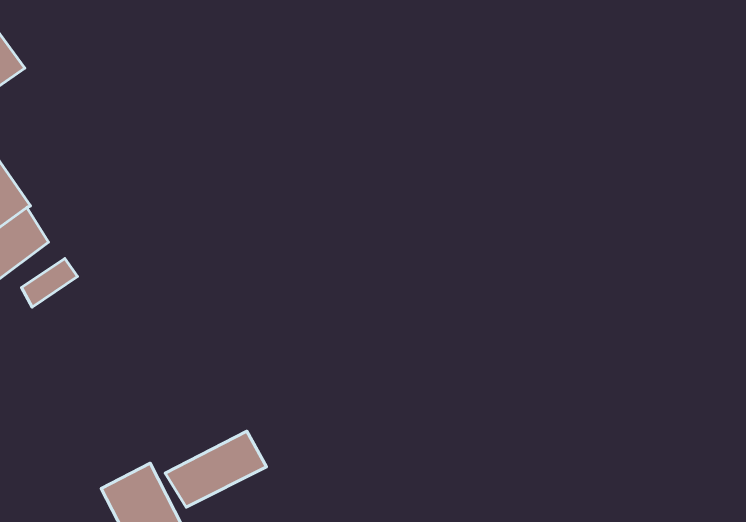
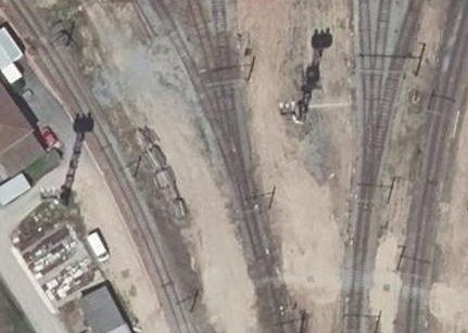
building: [165,431,267,507] -> none

